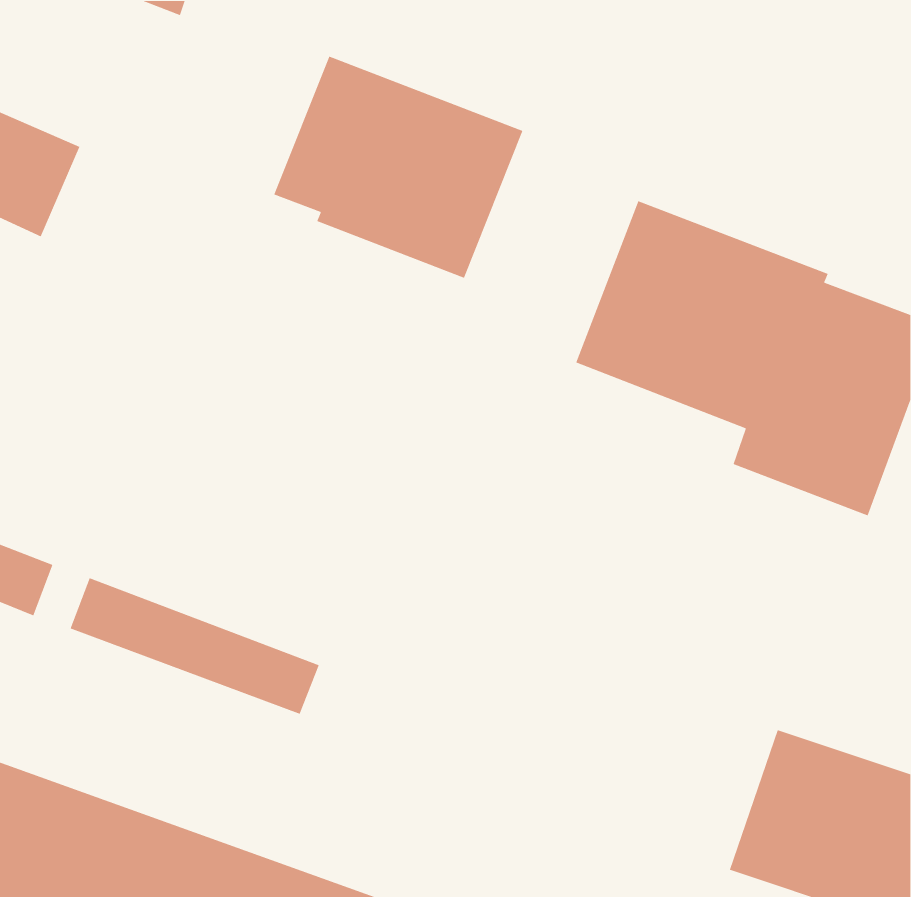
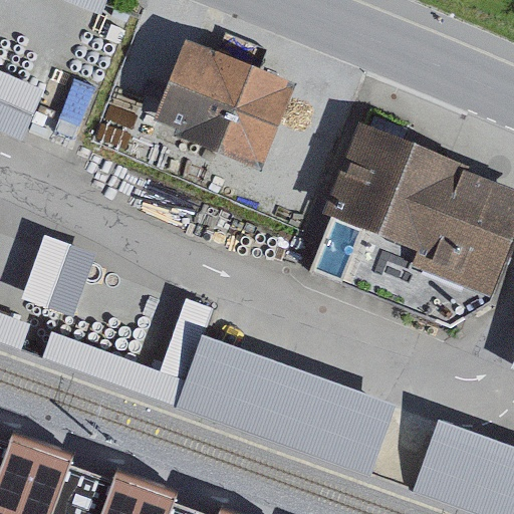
building: none -> [20,237,96,319]
building: none -> [174,334,396,479]

